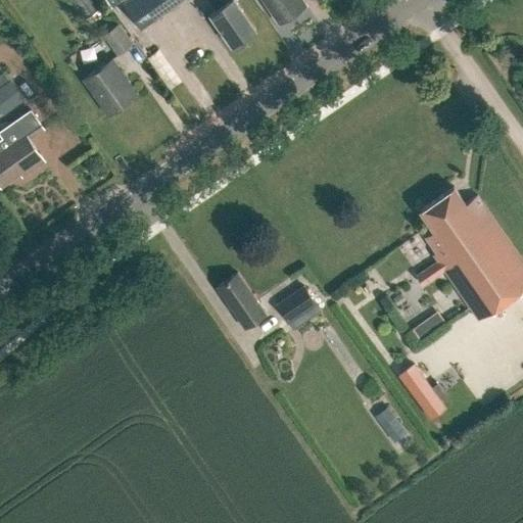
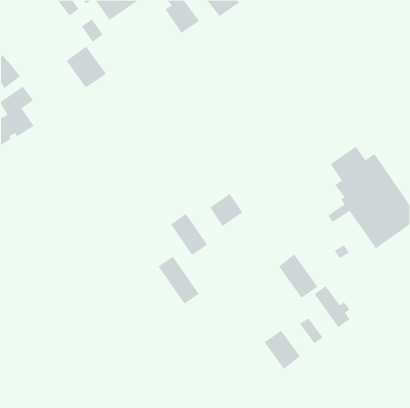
building: [277,287,320,330] -> [209,193,243,227]
building: none -> [278,253,318,299]
building: none -> [158,256,199,304]
building: none -> [264,330,301,370]

